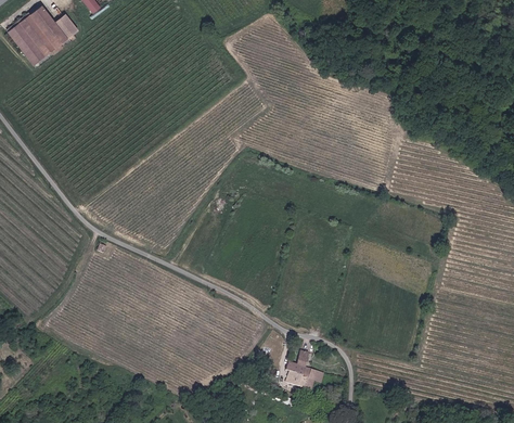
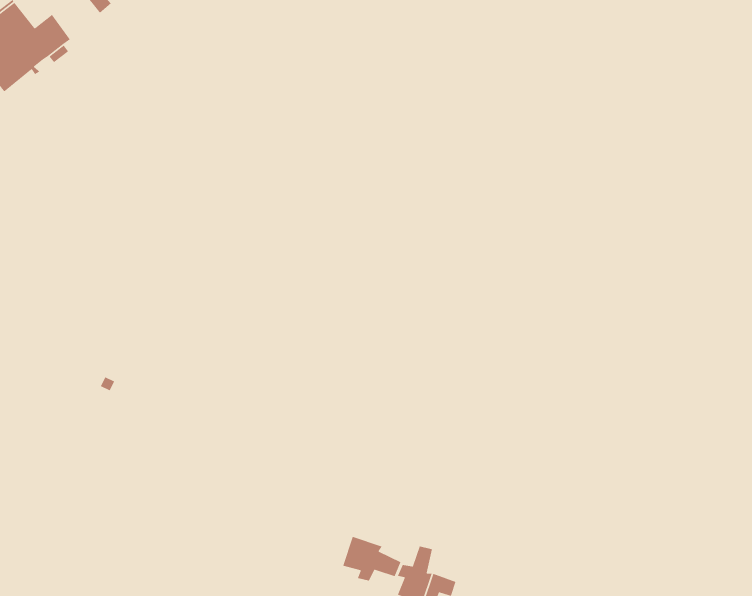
building: none -> [342,536,401,582]

